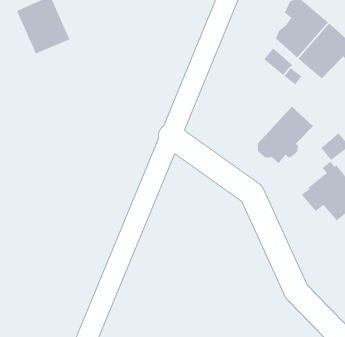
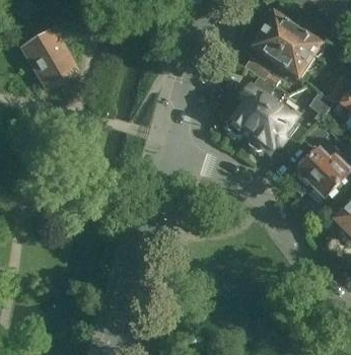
building: none -> [228,85,275,140]

